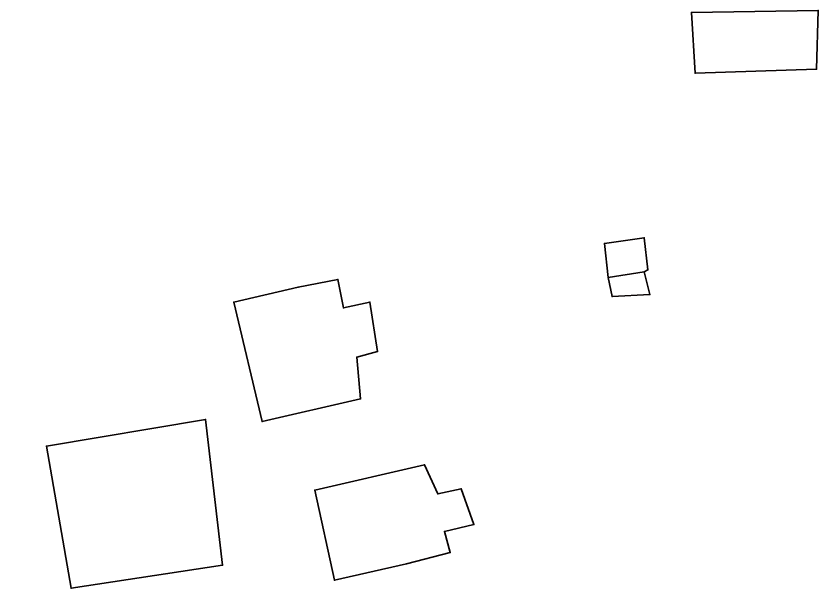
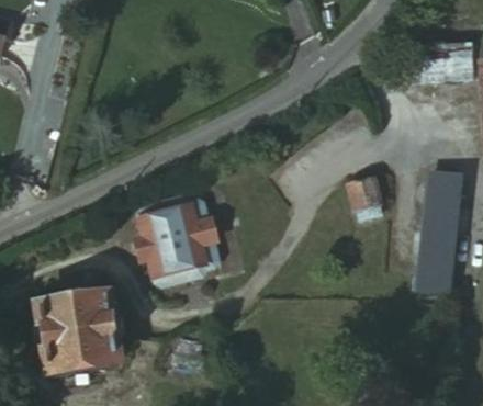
building: none -> [416,171,461,291]
building: [315,465,474,580] -> none

